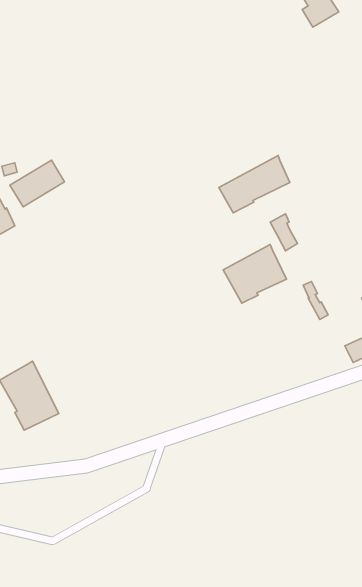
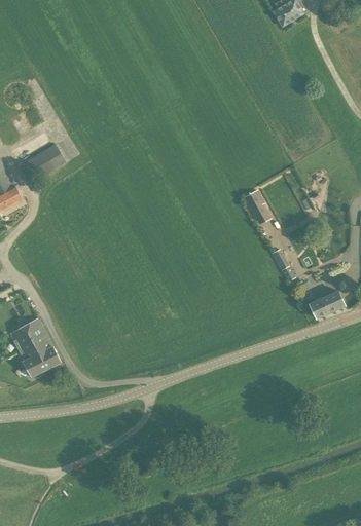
building: [219,156,290,213] -> none
building: [223,244,287,303] -> none

